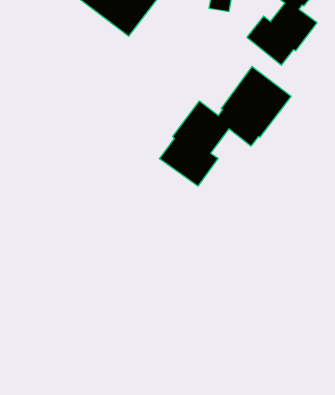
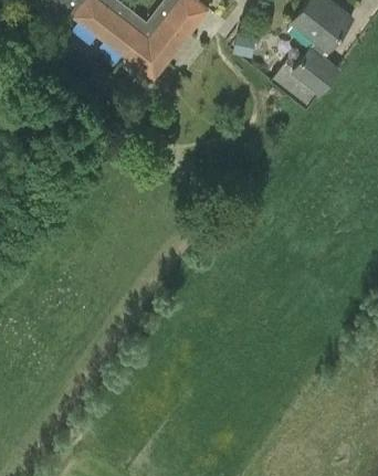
building: [159,66,291,186] -> none

